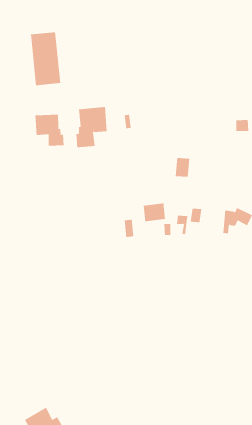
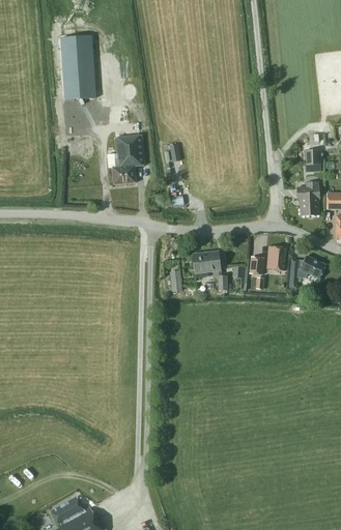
building: [35,114,64,147] -> none
building: none -> [296,181,319,216]
building: [175,157,190,177] -> [266,246,285,270]

